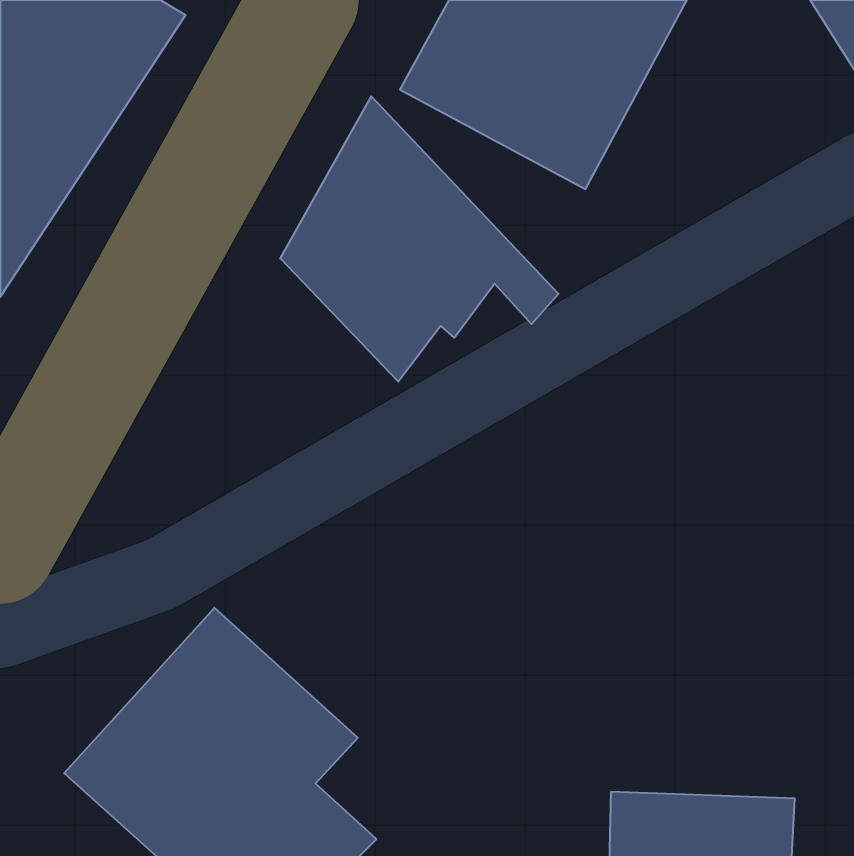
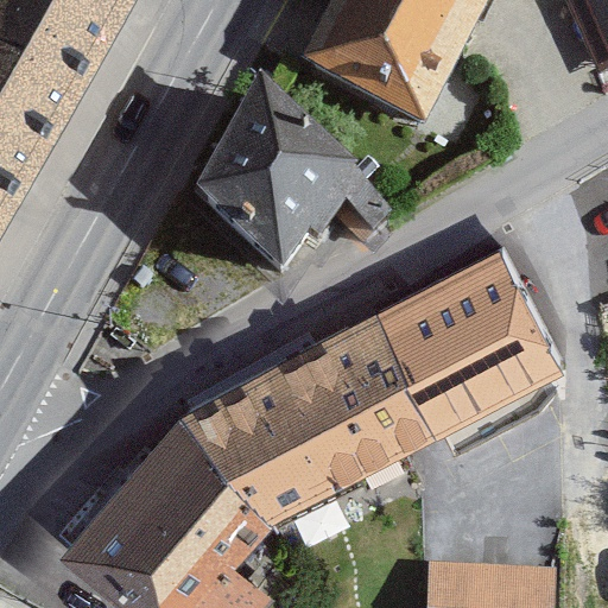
building: none -> [374,252,545,419]
building: none -> [278,318,422,475]
building: none -> [190,363,325,517]

